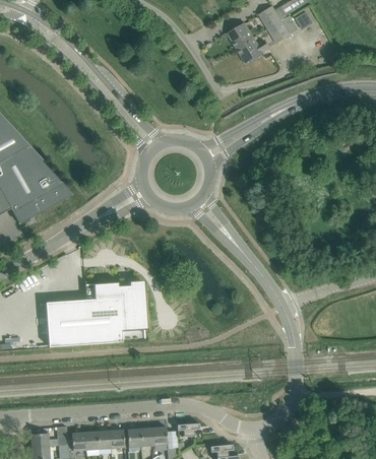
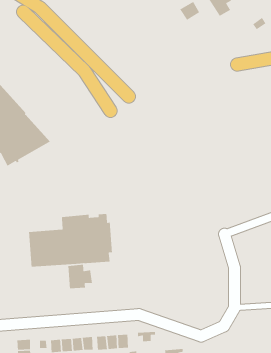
building: [237,38,268,62] -> none
building: none -> [67,264,93,289]

